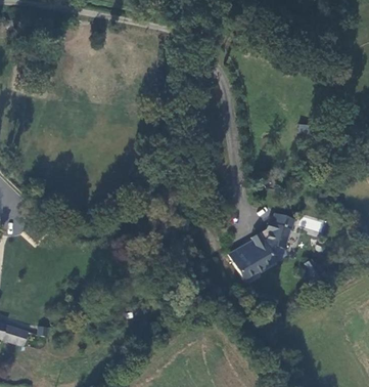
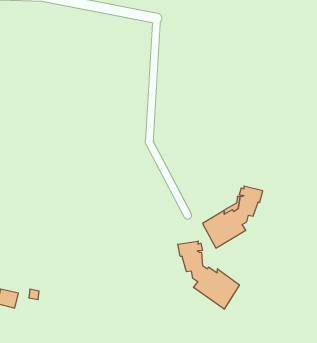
building: none -> [178,241,239,309]

